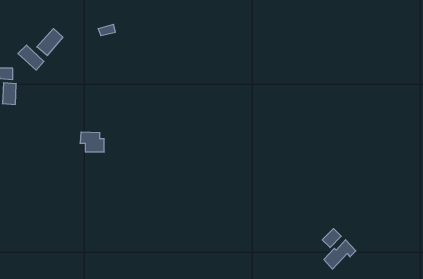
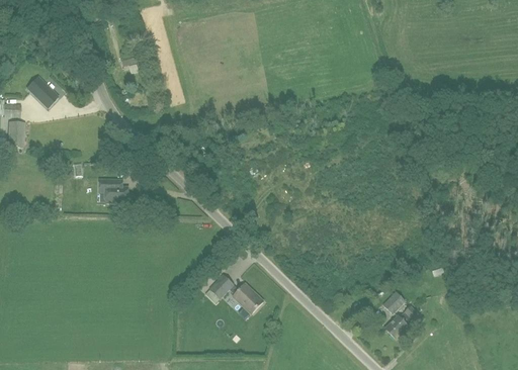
building: [37,29,63,56] -> none
building: none -> [208,273,262,313]

